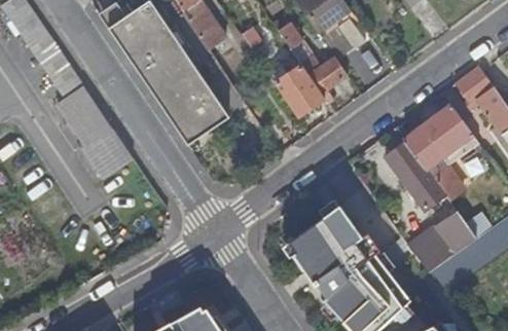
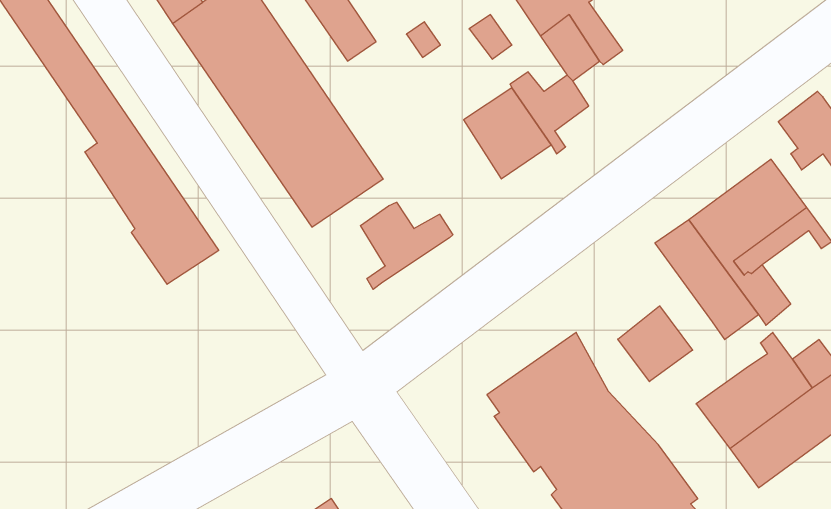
building: none -> [360,202,453,289]
building: none -> [618,306,693,382]

